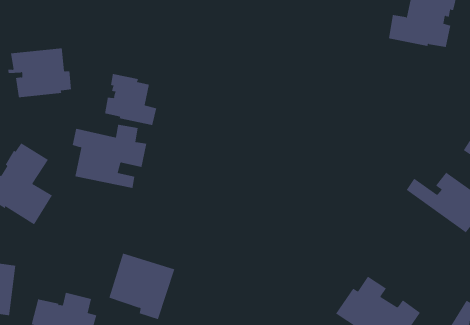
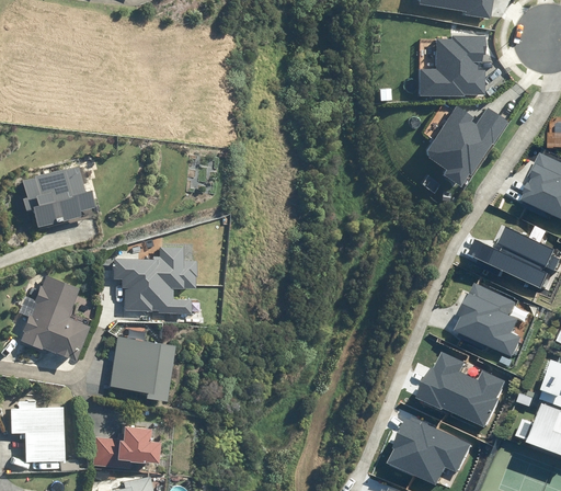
building: none -> [428,107,508,187]
building: [104,73,157,126] -> none
building: none -> [454,284,520,357]
building: [109,253,175,320] -> [108,336,174,401]

